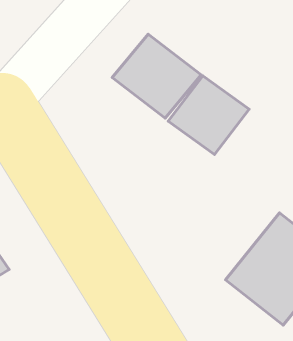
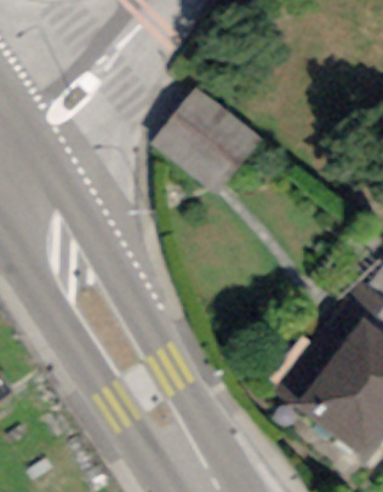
building: [168,76,249,154] -> none

